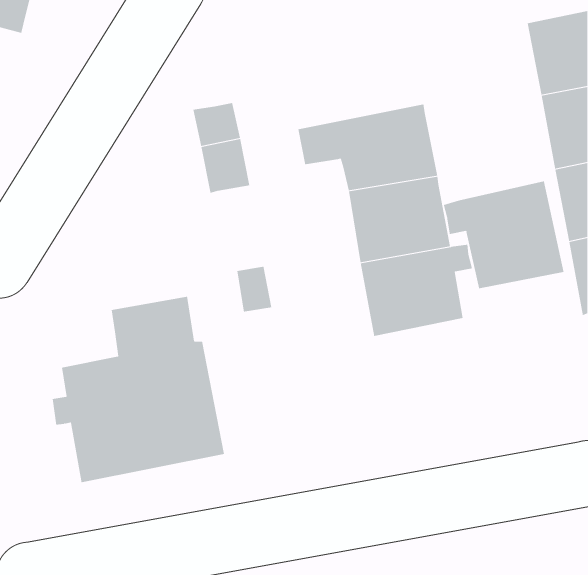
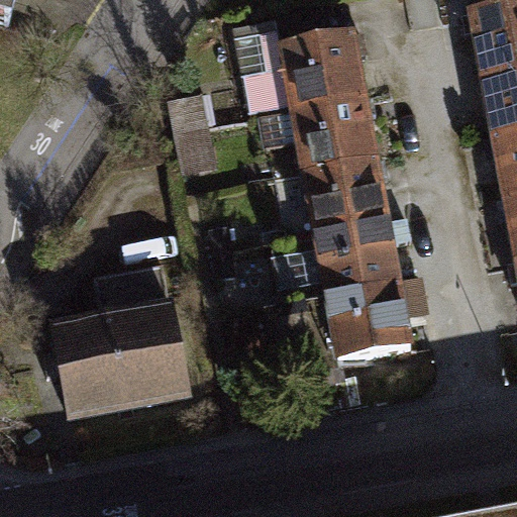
building: none -> [237,18,372,115]
building: [443,180,564,289] -> none
building: none -> [327,274,433,363]

